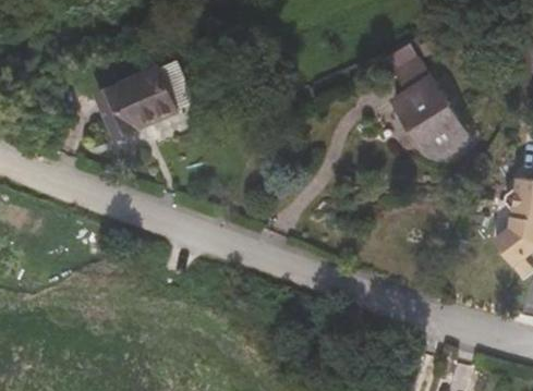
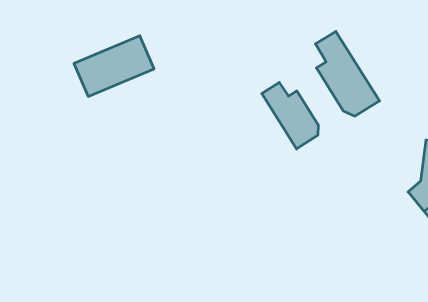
building: none -> [262,82,318,149]

